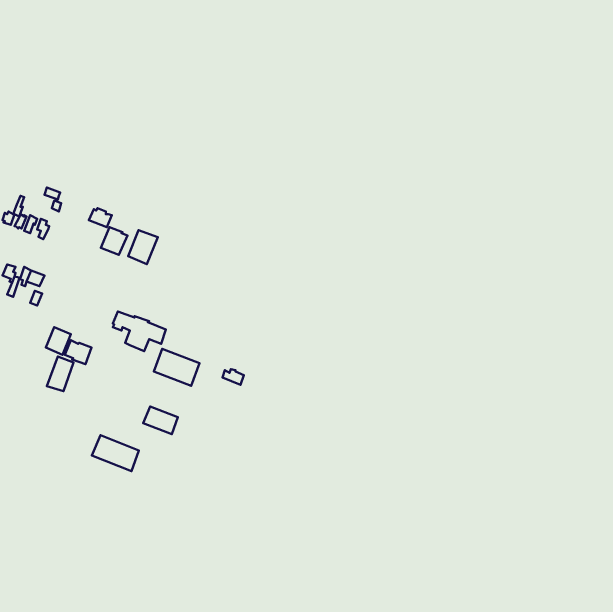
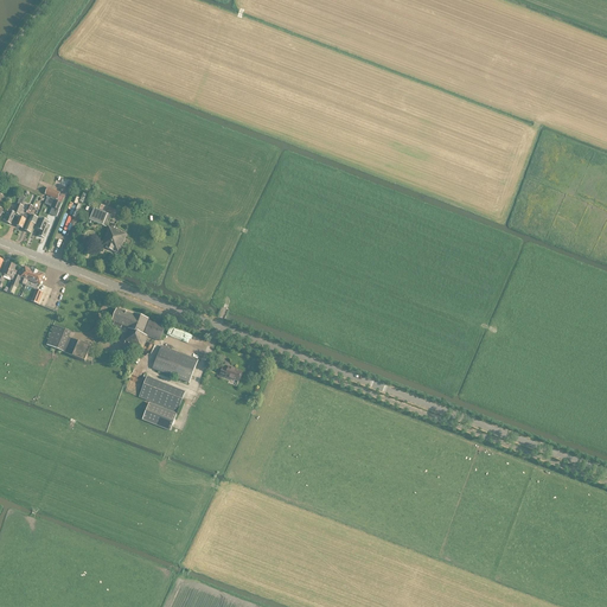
building: [128,230,158,264] -> none
building: [47,357,73,391] -> none
building: [92,435,139,471] -> [138,375,184,410]

